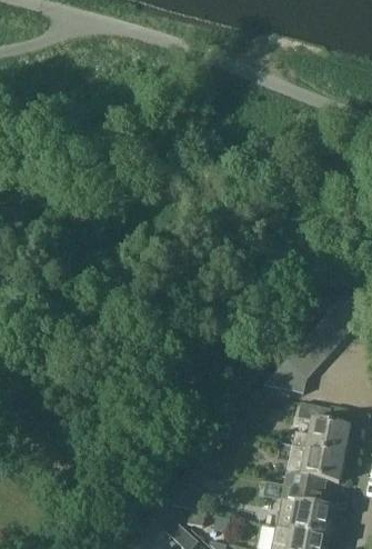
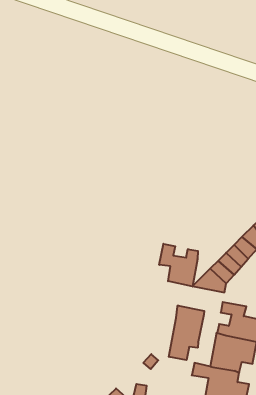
building: none -> [159,244,198,287]
building: none -> [169,305,204,360]

